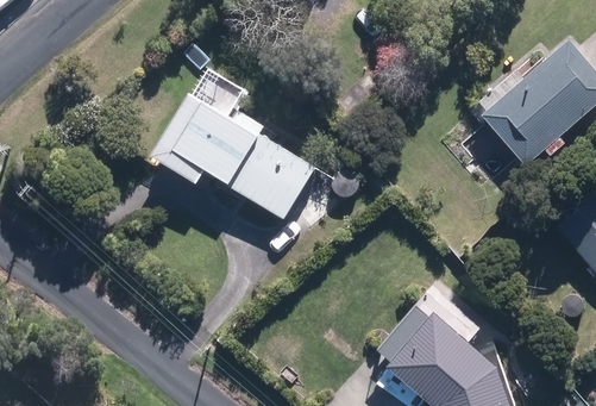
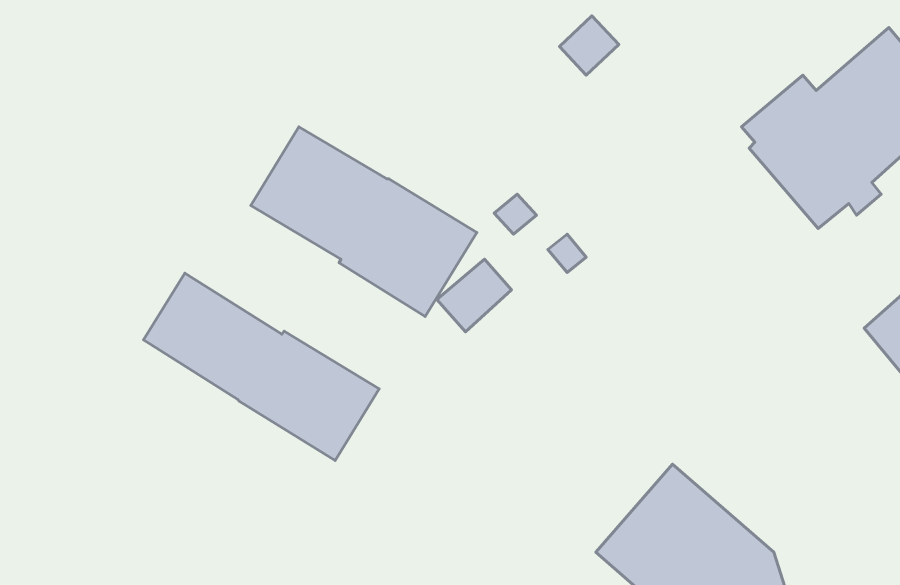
building: none -> [144,273,379,460]

